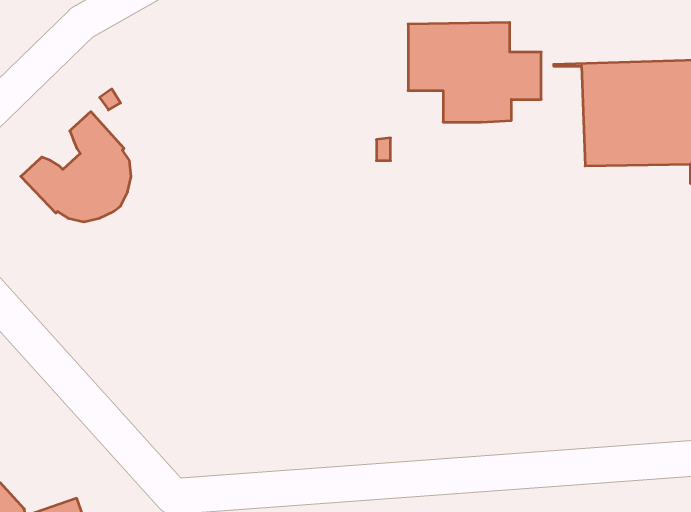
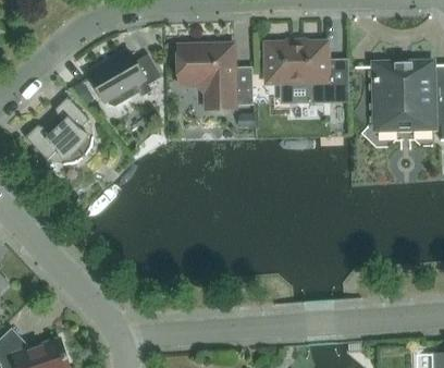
building: none -> [177,42,254,109]
building: none -> [89,51,161,106]

